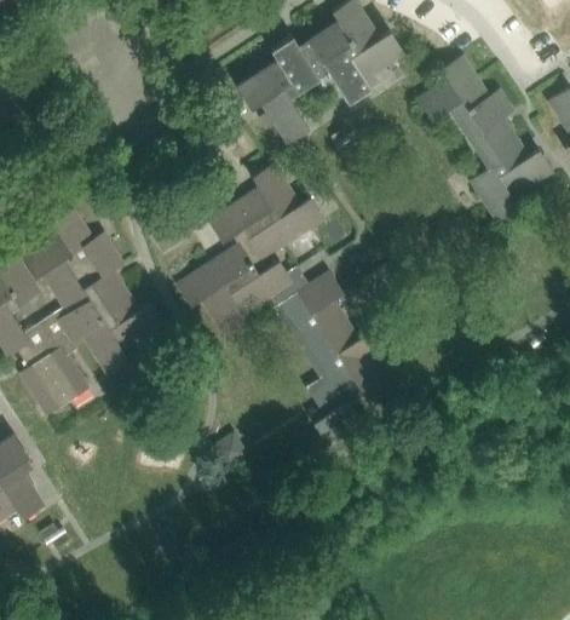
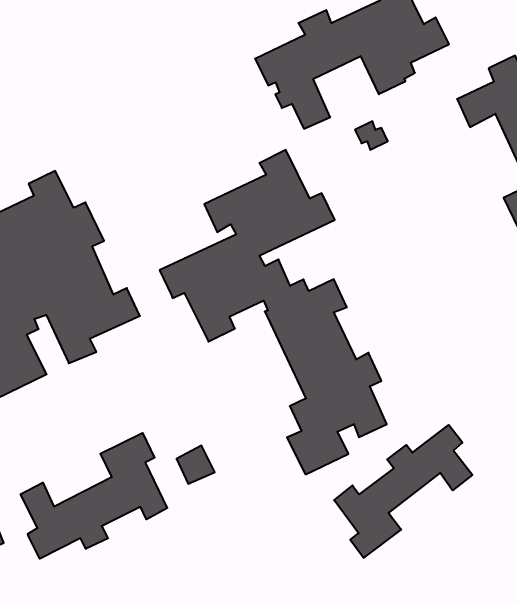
building: none -> [334,425,472,558]
building: none -> [21,433,167,559]

